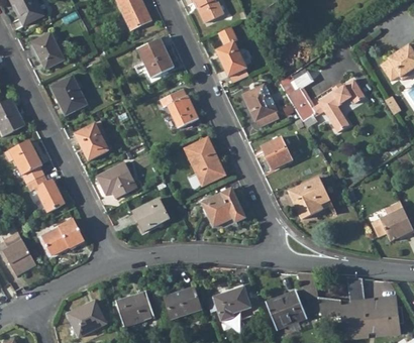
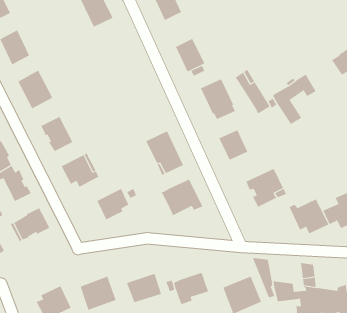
building: [137,38,175,79] -> none
building: [161,89,199,128] -> none
building: none -> [289,198,329,234]

